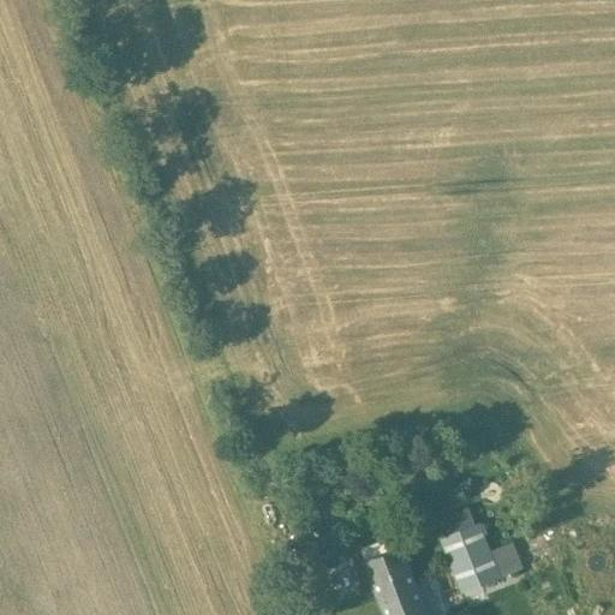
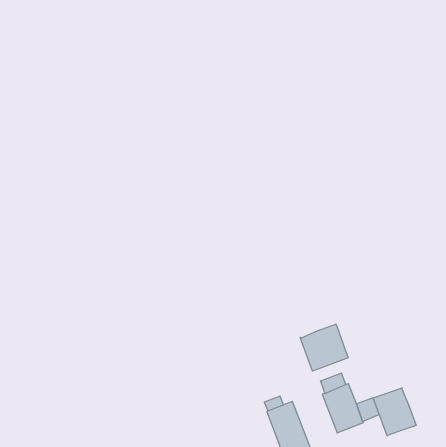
building: none -> [300,324,348,371]
building: none -> [373,388,416,436]

